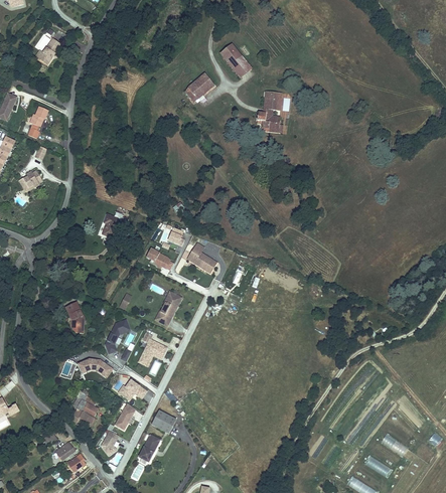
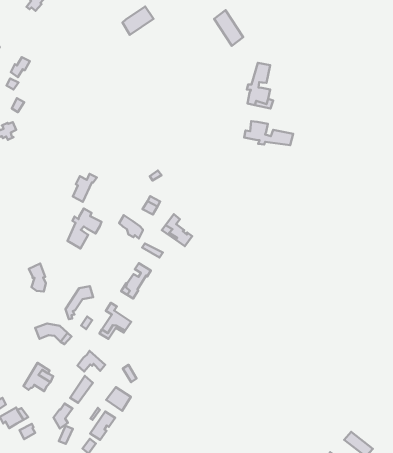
building: [184,73,213,102] -> [123,6,154,35]
building: none -> [244,121,293,145]
building: none -> [68,209,102,249]

